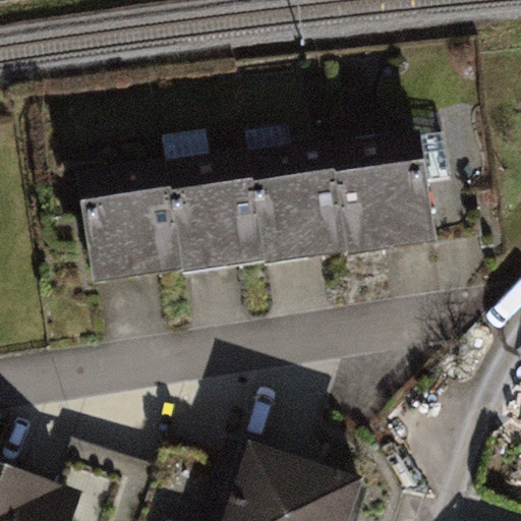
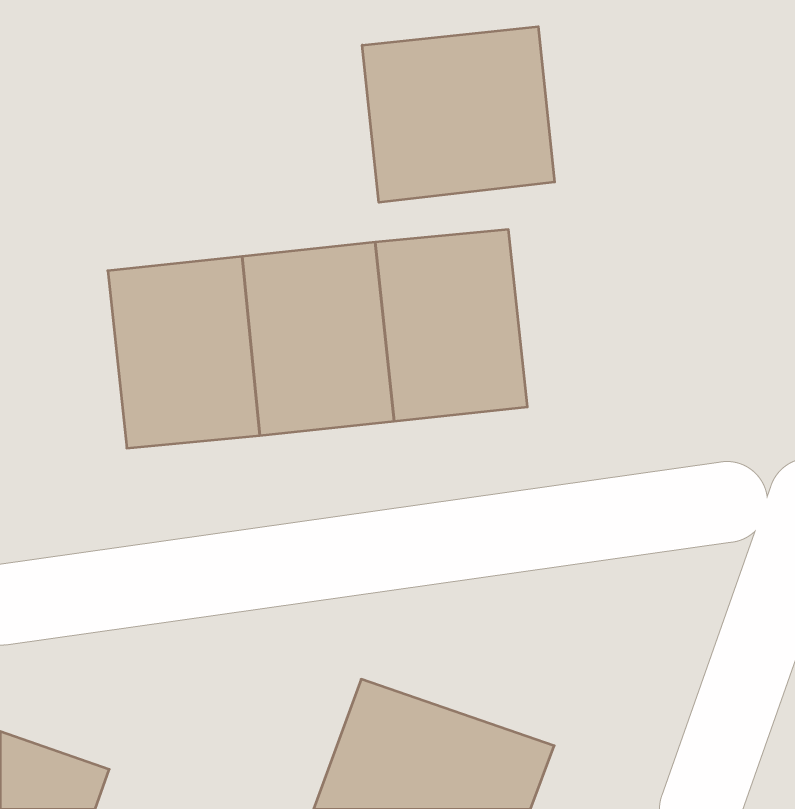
building: none -> [362,27,555,202]
building: [336,138,433,262] -> none

